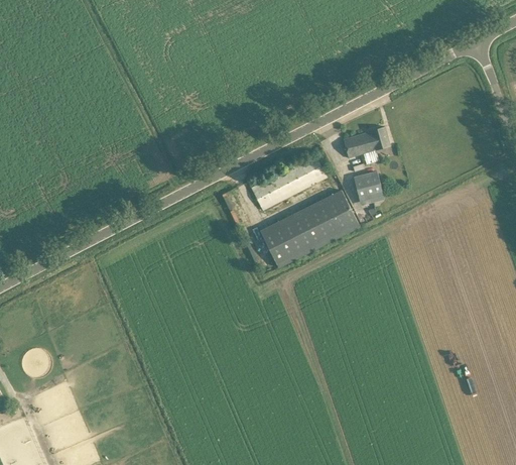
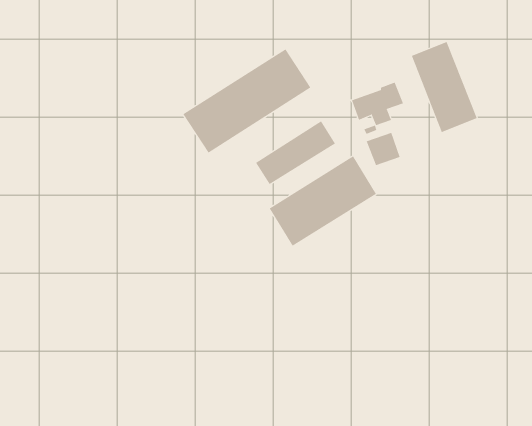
building: none -> [183,48,311,153]
building: none -> [411,41,477,133]

